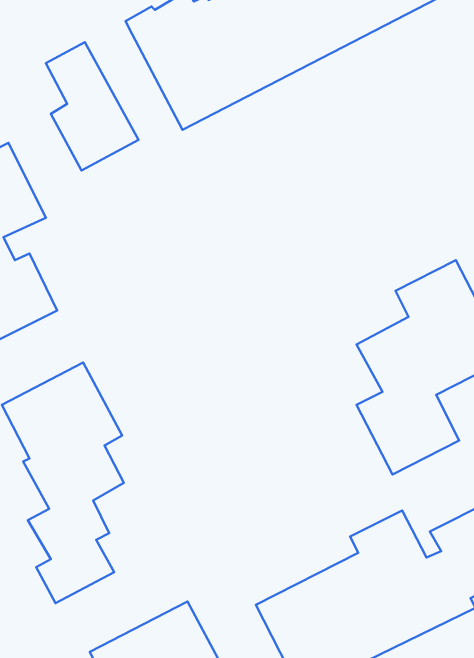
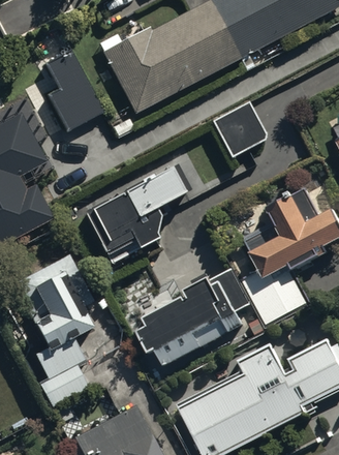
building: none -> [212,101,266,157]
building: none -> [85,170,187,257]
building: none -> [138,282,243,368]

